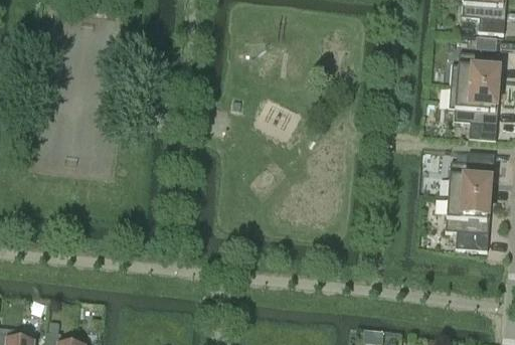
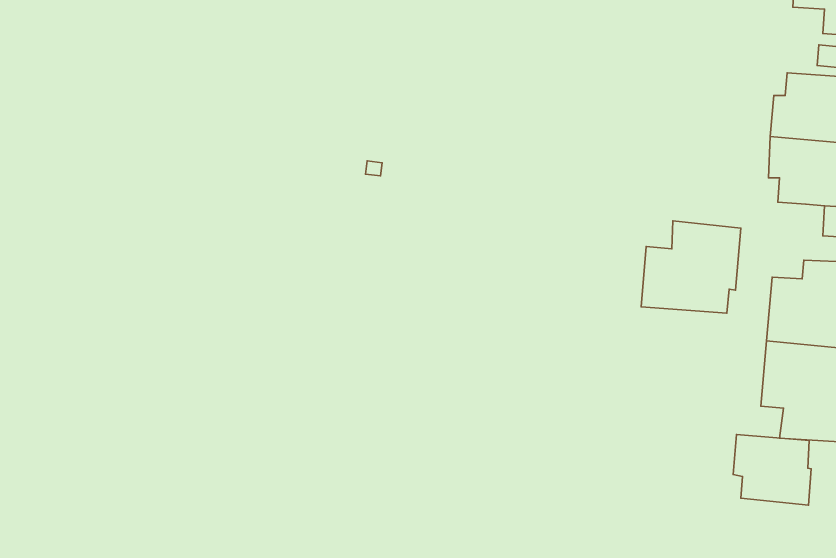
building: none -> [641,221,741,313]
building: none -> [733,435,811,505]

